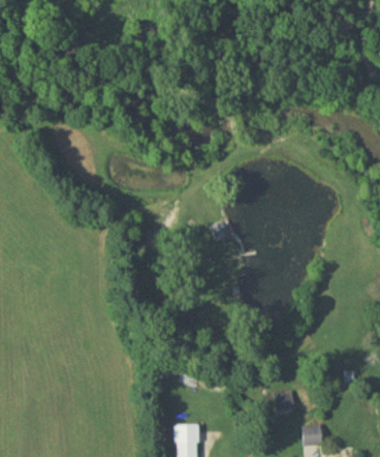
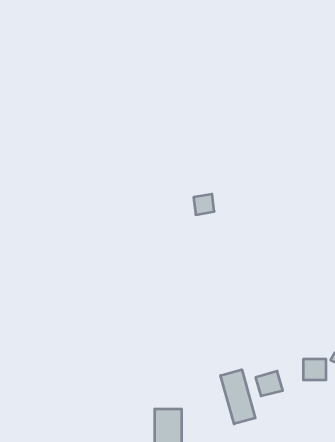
building: none -> [221,370,255,424]
building: [300,425,322,445] -> [303,359,326,380]

